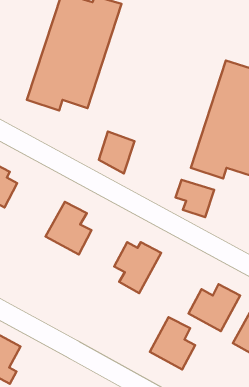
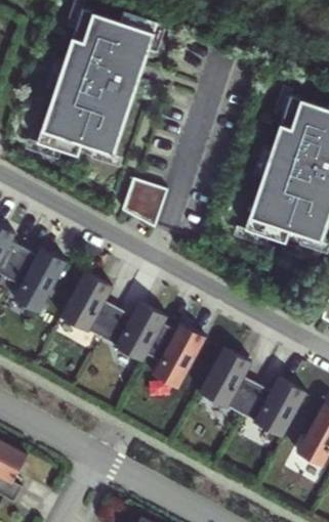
building: [175,180,214,217] -> none
building: none -> [7,249,66,313]
building: none -> [101,302,167,361]
building: [150,317,195,370] -> [200,347,257,414]

